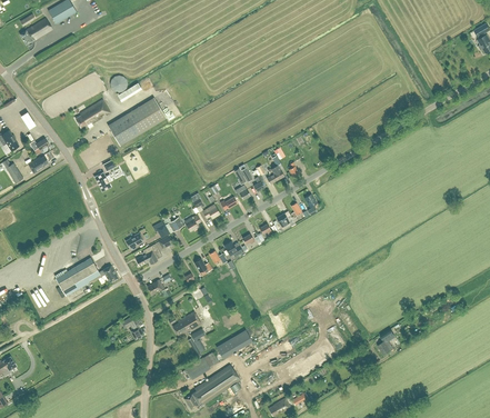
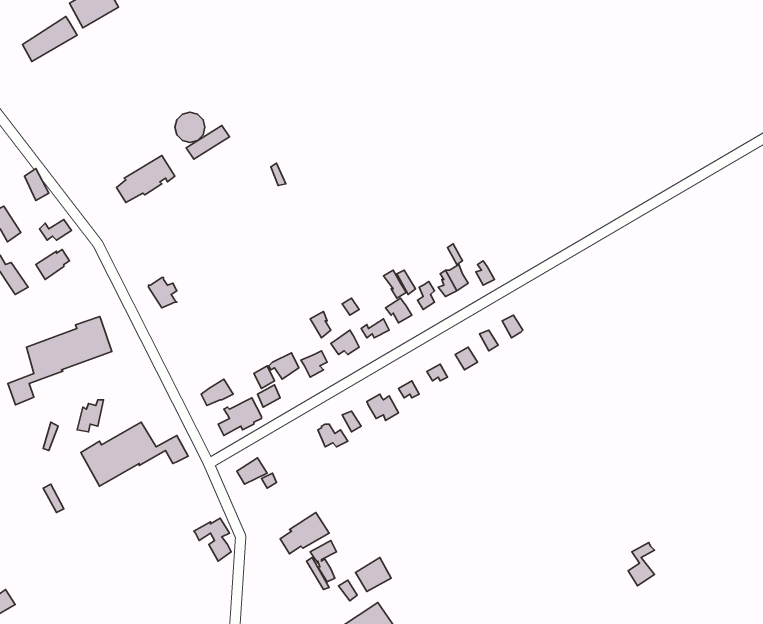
building: [108,98,166,146] -> none
building: none -> [8,316,112,405]

